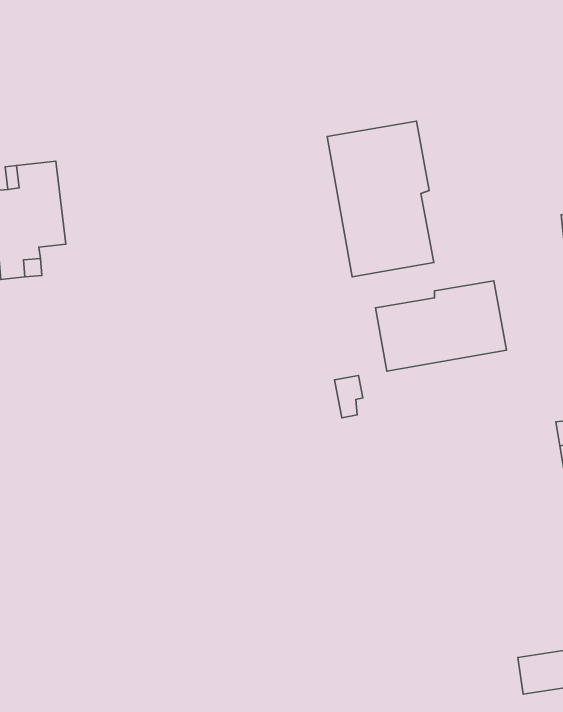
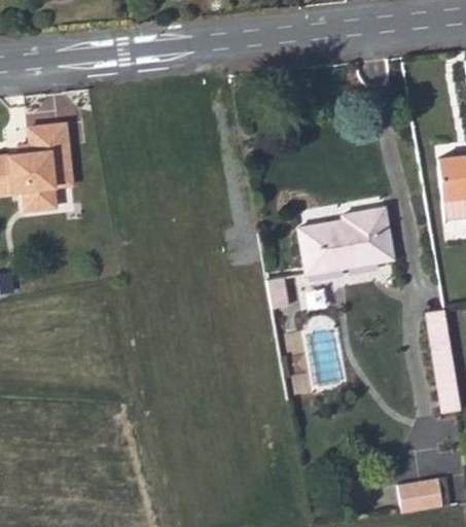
building: [327,121,434,277] -> none

